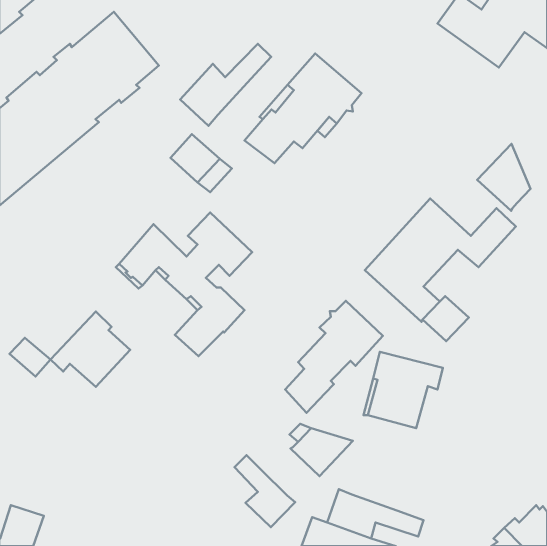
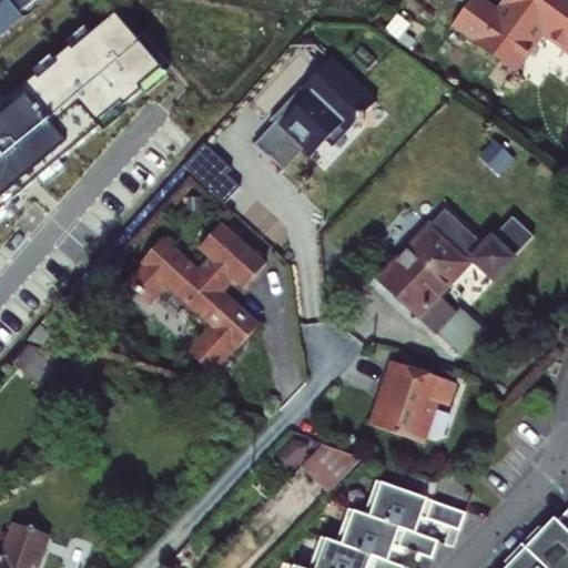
building: [180,44,271,126] -> none
building: [477,144,531,211] -> none
building: [285,301,383,413] -> none
building: [50,311,130,387] -> none
building: [234,455,295,527] -> none
building: none -> [364,478,466,528]

